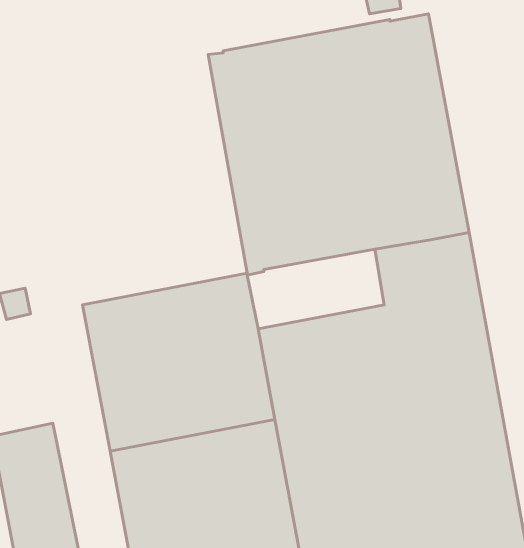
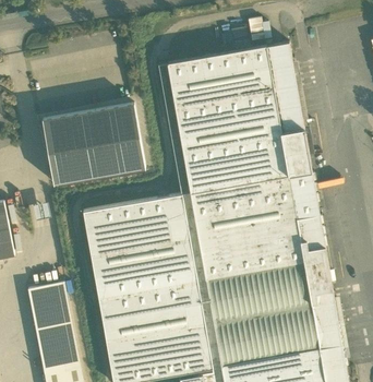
building: none -> [43,103,146,183]
building: none -> [179,179,260,226]

